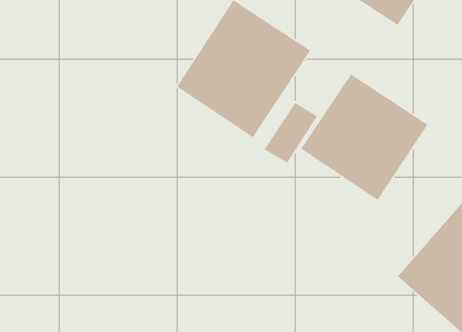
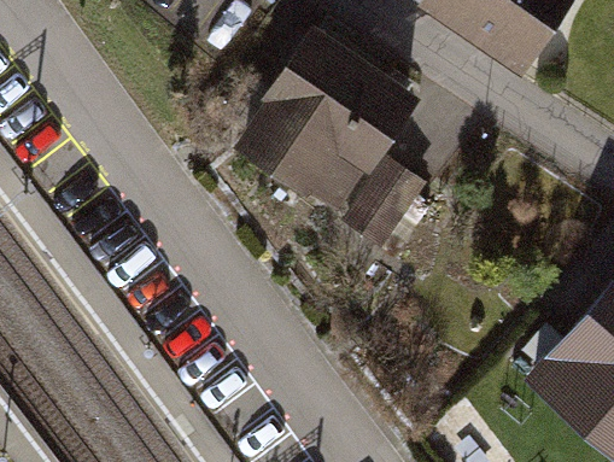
building: [300,73,428,201] -> none

